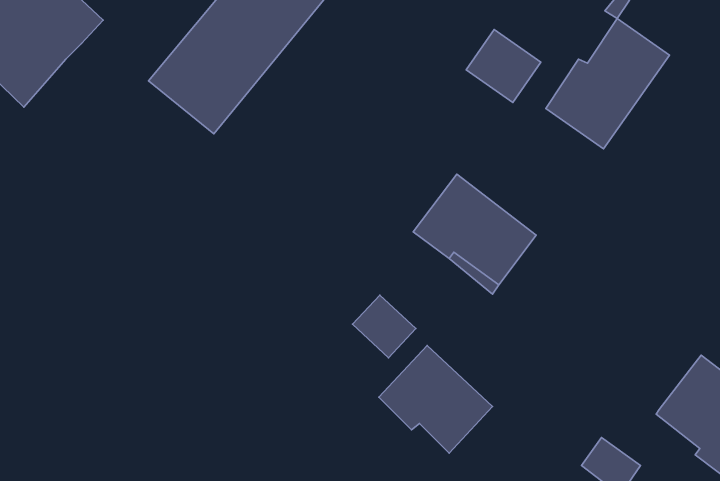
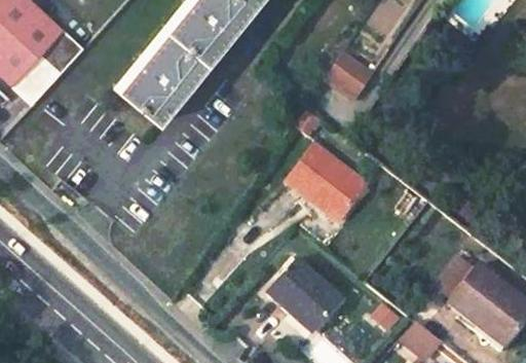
building: [546,19,669,149] -> none
building: [352,295,416,358] -> none
building: none -> [434,260,475,304]

